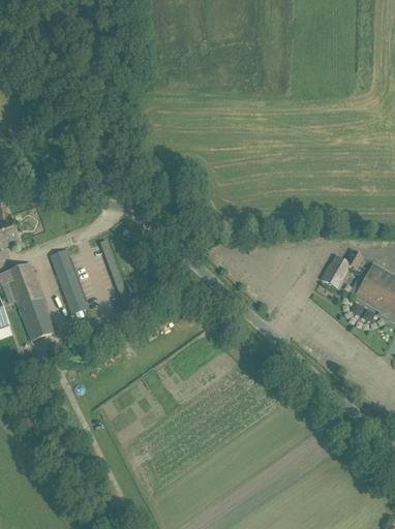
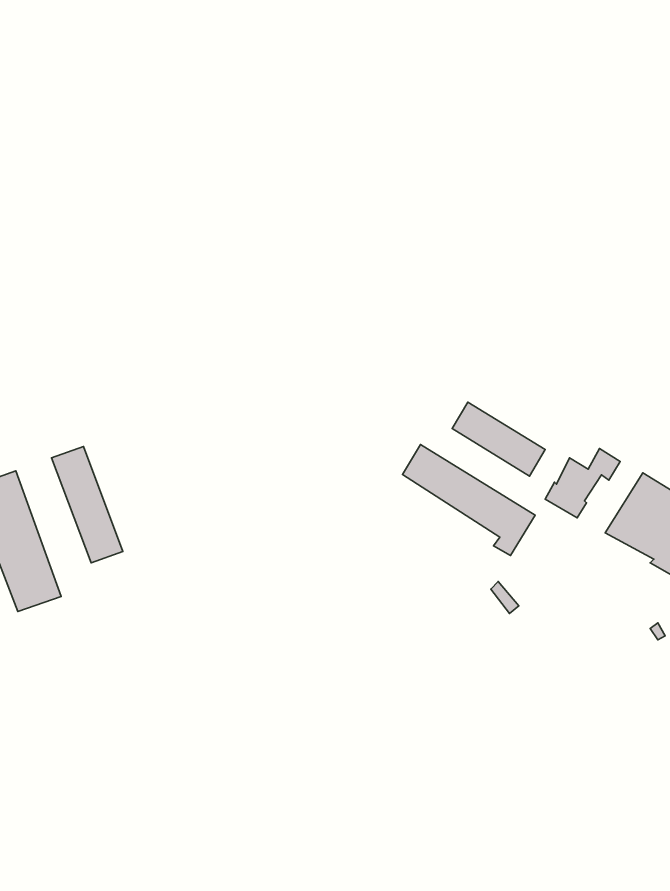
building: none -> [452,402,545,476]
building: none -> [402,445,535,556]

